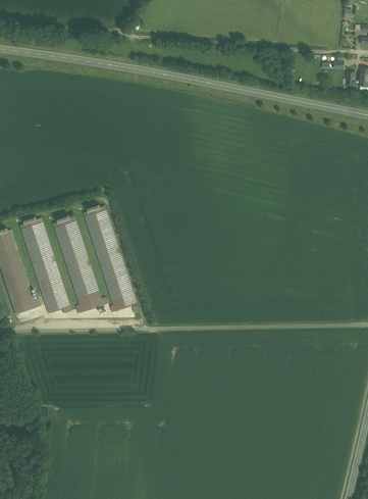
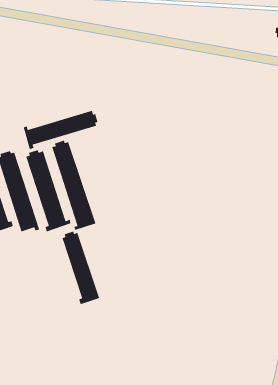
building: none -> [23,110,99,150]
building: none -> [62,231,100,305]

